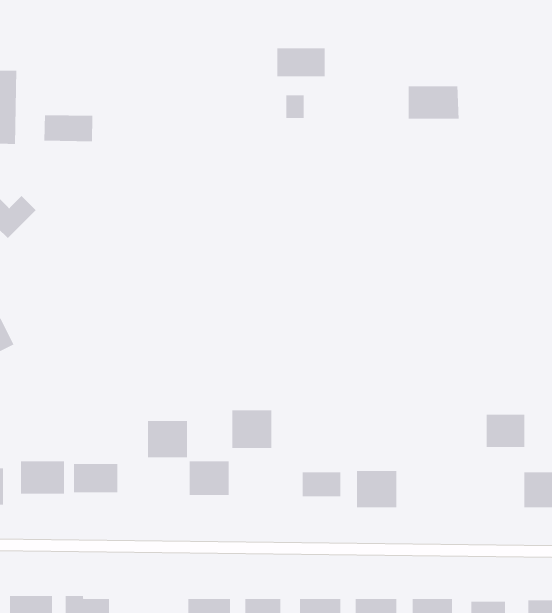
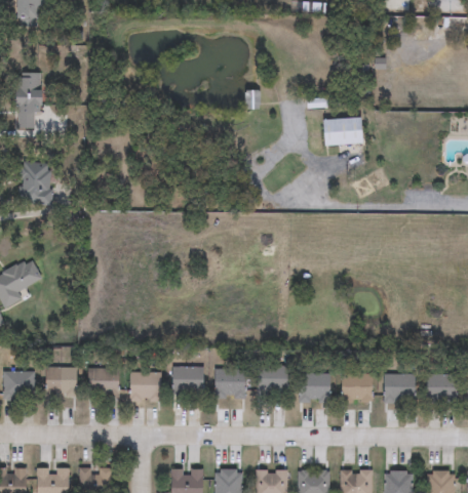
building: [277,47,325,77] -> none
building: [408,85,460,119] -> [324,118,363,143]
building: [44,114,93,142] -> none
building: [231,409,272,449] -> [215,368,245,398]
building: [486,414,525,448] -> [385,374,415,400]
building: [147,420,188,458] -> [130,371,161,400]
building: none -> [341,373,372,408]

